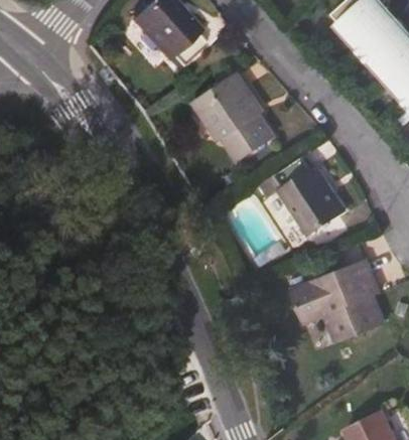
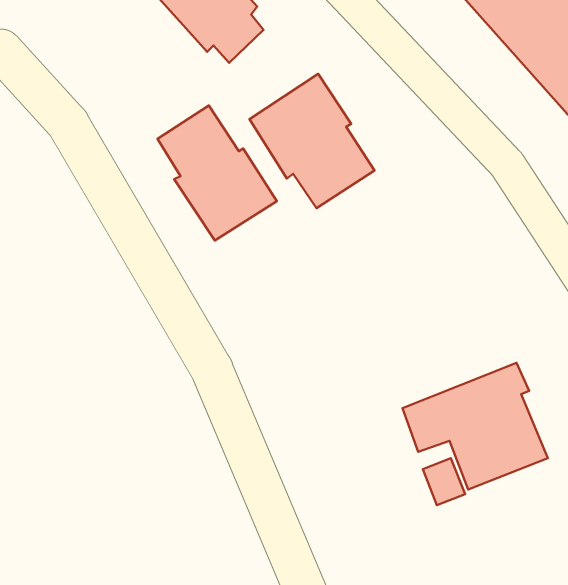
building: none -> [157,105,277,241]
building: [276,158,345,235] -> none

